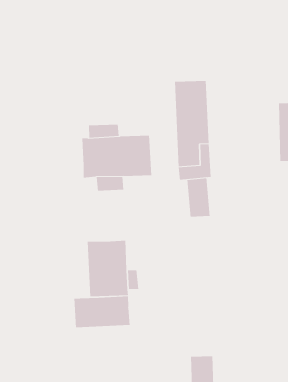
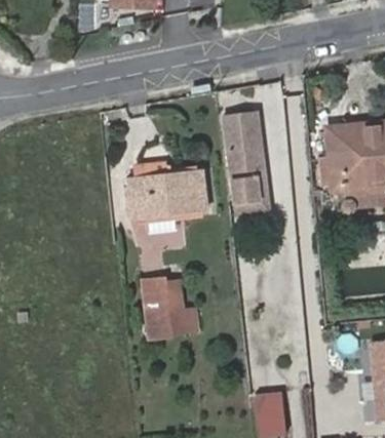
building: [187,178,210,218] -> none
building: [74,295,130,328] -> none

